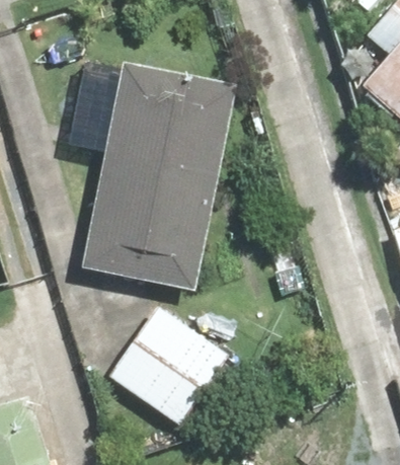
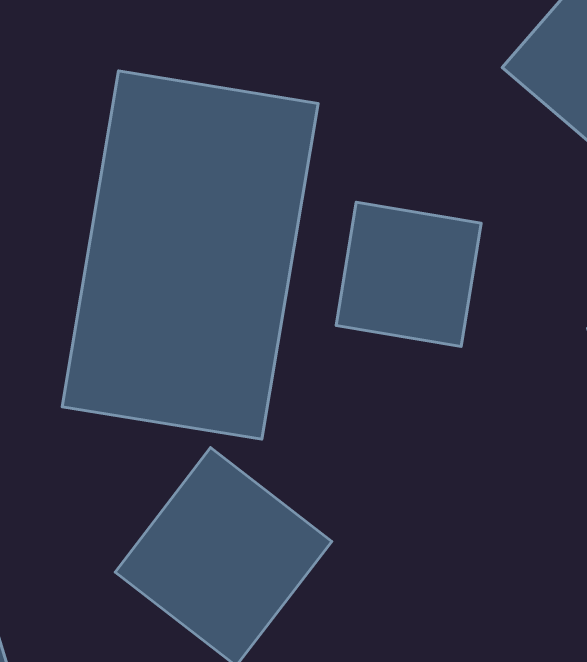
building: none -> [336,202,481,346]

